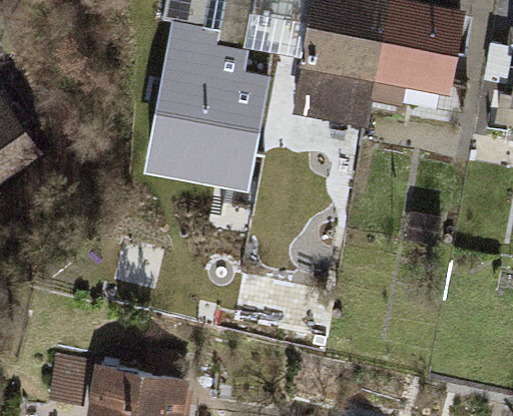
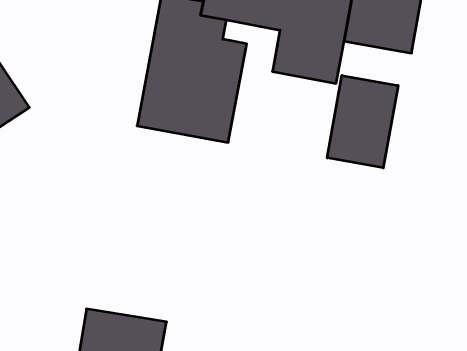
building: none -> [327,75,398,168]

